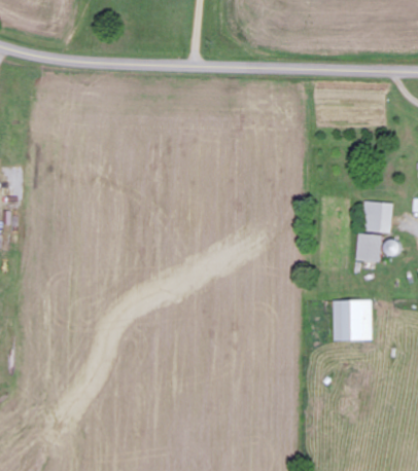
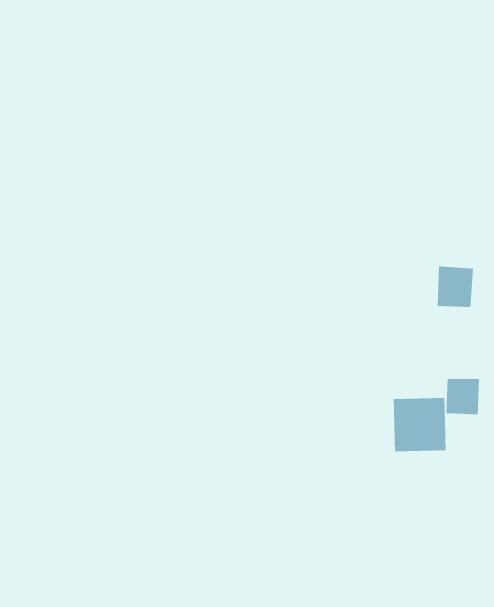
building: [355,233,381,261] -> [445,378,480,415]

